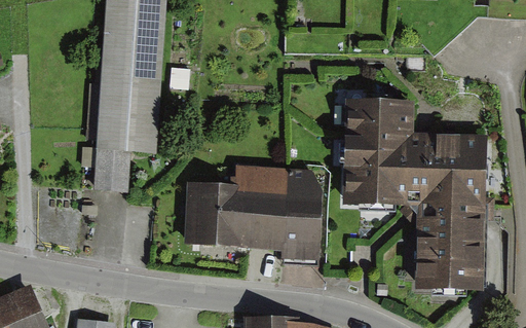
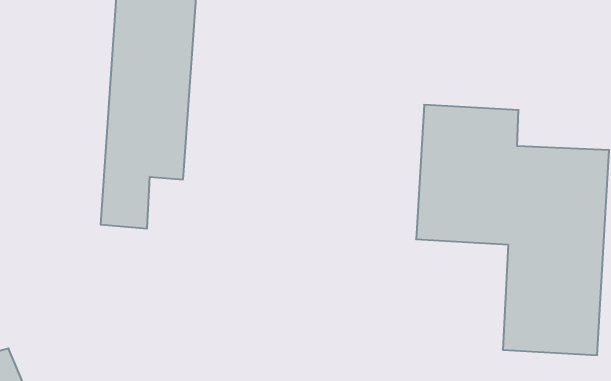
building: [183,166,321,256] -> none

